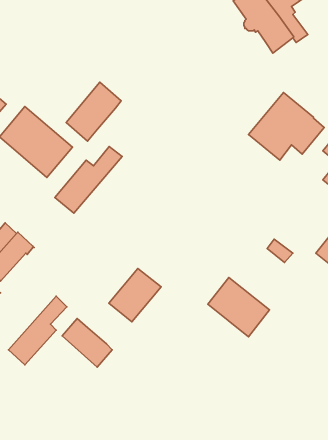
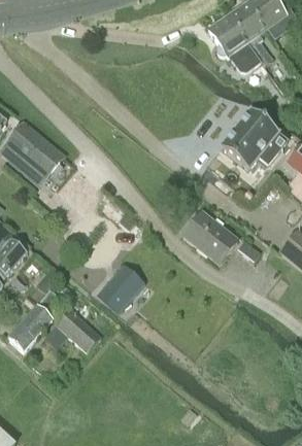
building: [66,82,121,141] -> none
building: [55,147,122,213] -> none
building: [208,277,270,337] -> [182,211,237,264]

